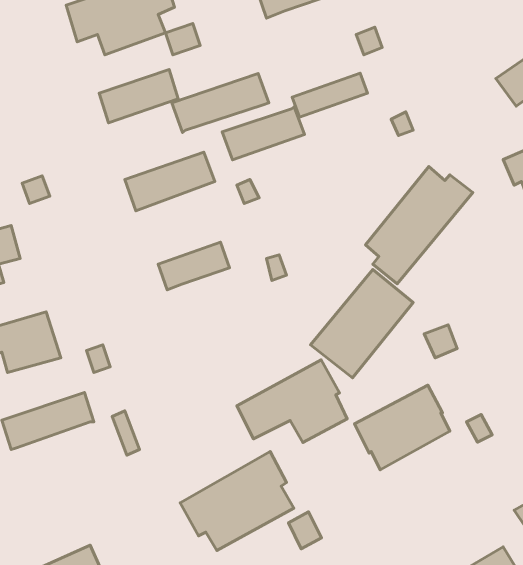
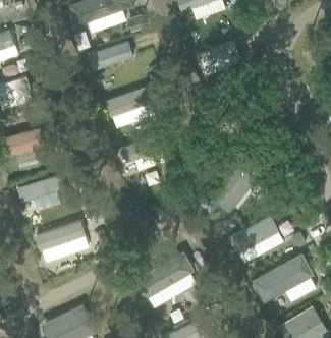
building: [172,73,269,132] -> none
building: [222,107,304,160] -> none
building: [366,167,473,284] -> none
building: [237,360,347,443] -> [255,256,316,301]

